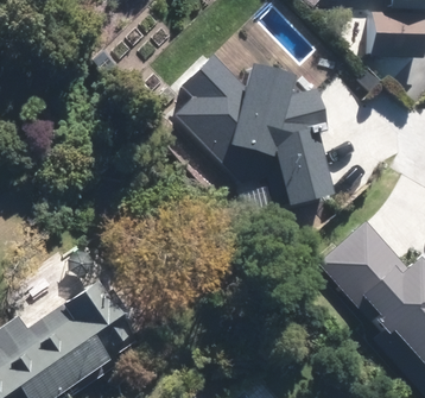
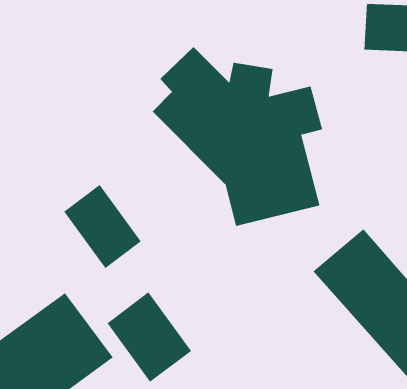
building: none -> [63,184,142,269]
building: none -> [106,291,192,383]

